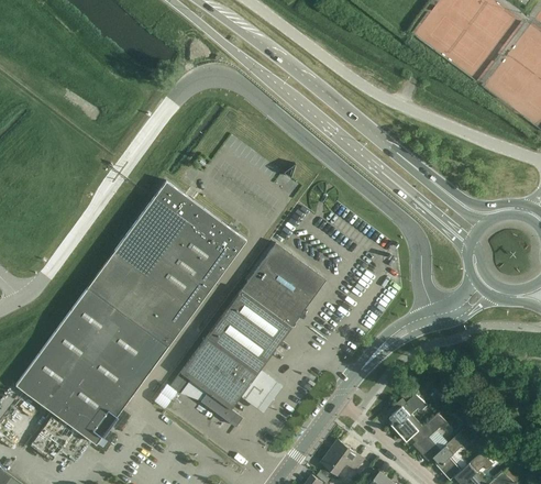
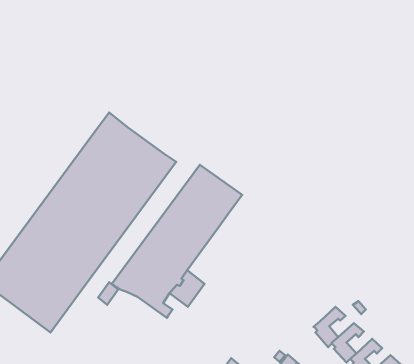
building: [387,395,428,442] -> none
building: [321,440,365,474] -> none

